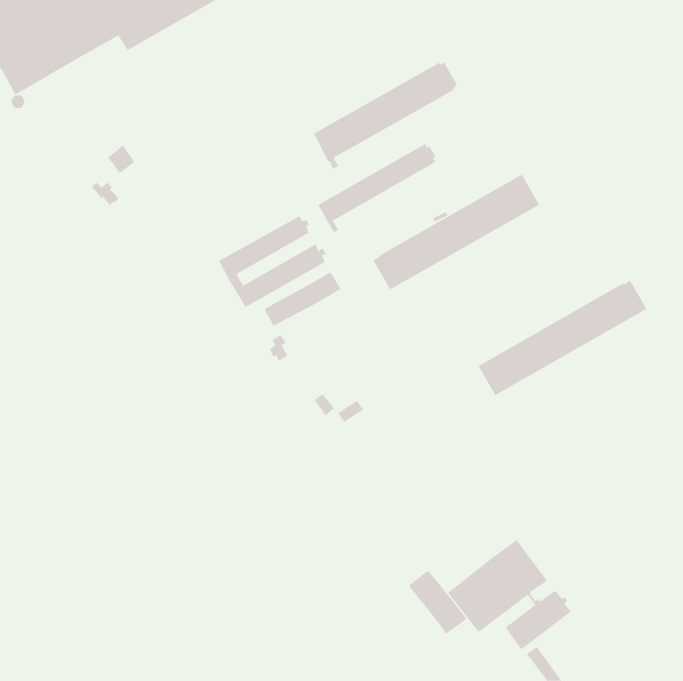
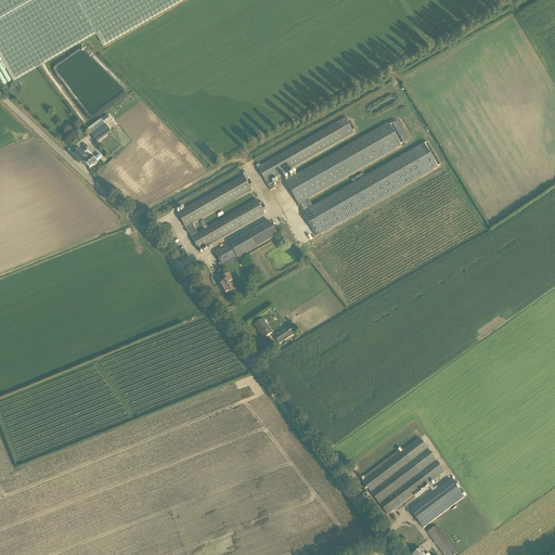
building: [313,61,458,170] -> [285,121,402,209]
building: [478,279,647,396] -> none
building: [408,570,467,635] -> none

